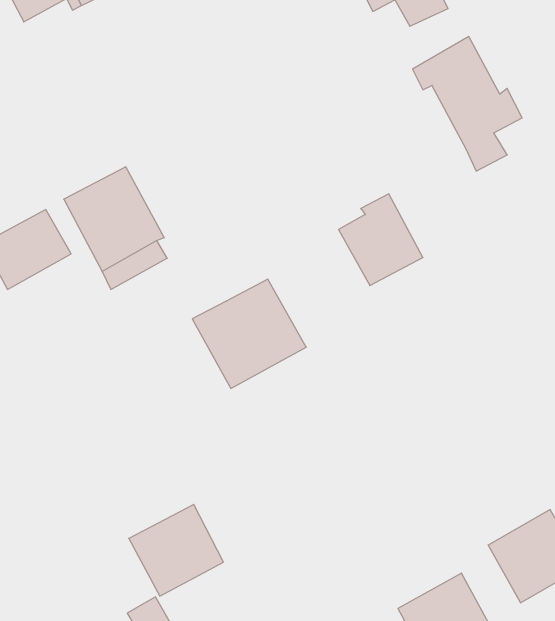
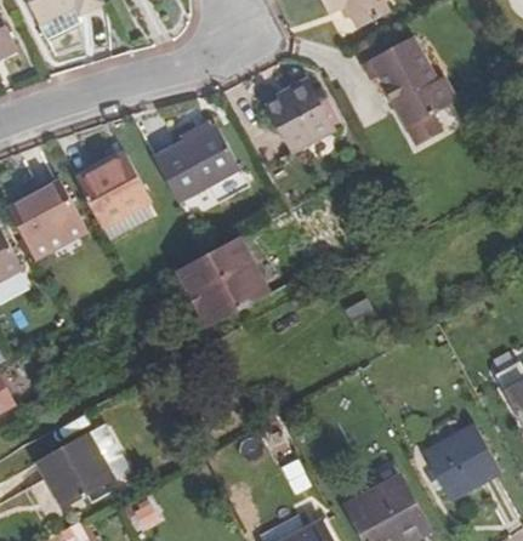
building: none -> [153,124,239,201]
building: [339,194,423,286] -> [265,78,334,153]
building: [129,504,223,596] -> [35,433,113,508]

